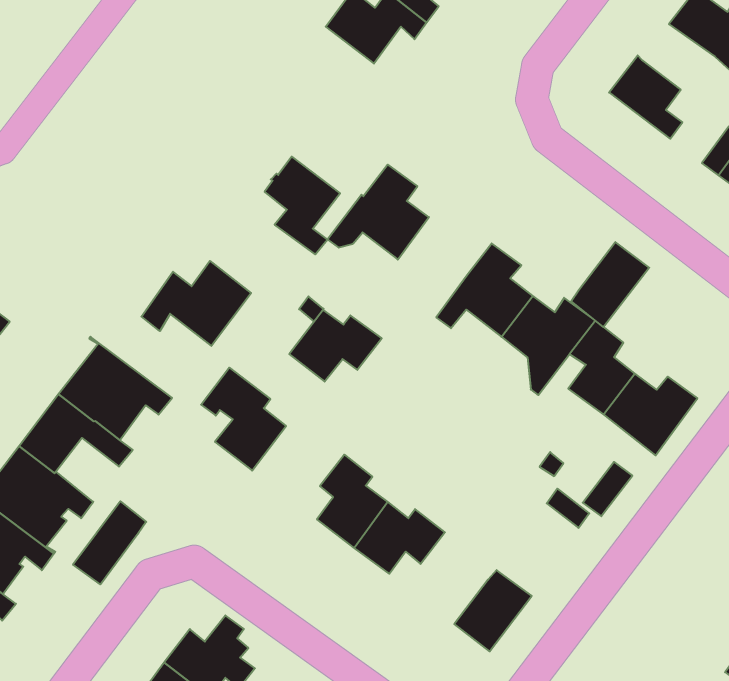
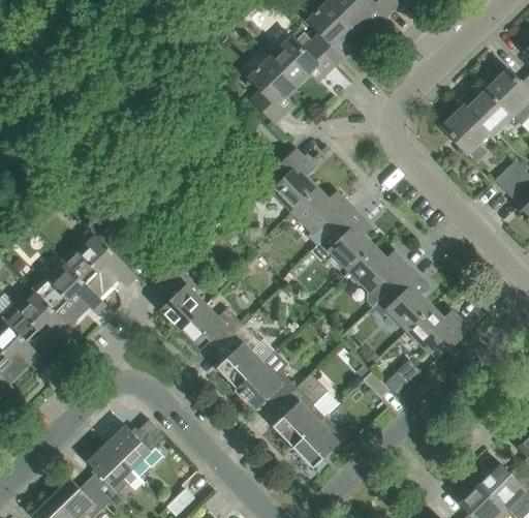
building: none -> [467,89,514,134]
building: [265,157,340,254] -> [250,57,298,121]
building: none -> [293,187,354,232]
building: [571,242,649,327] -> none
building: [141,261,251,346] -> none
building: [289,310,382,382] -> [181,305,241,351]
building: [73,501,146,584] -> none
building: none -> [274,372,328,447]

